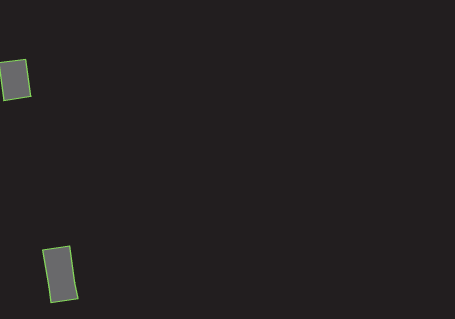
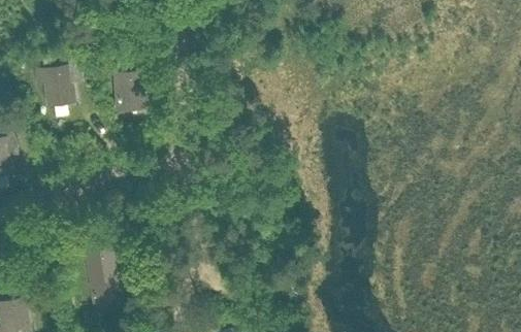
building: none -> [115,73,143,111]

